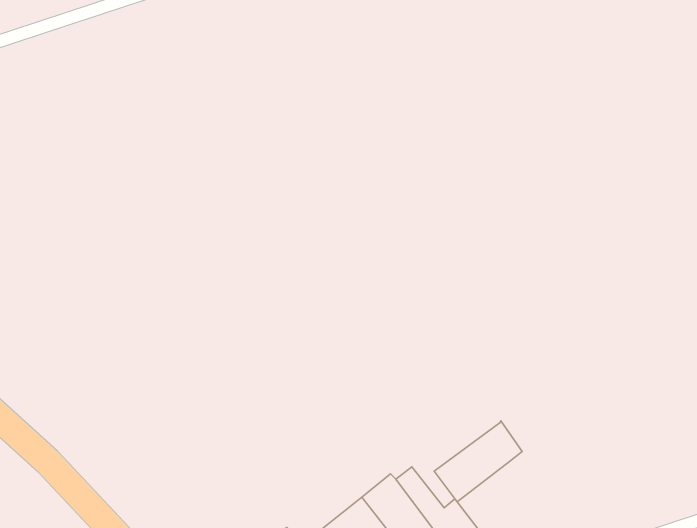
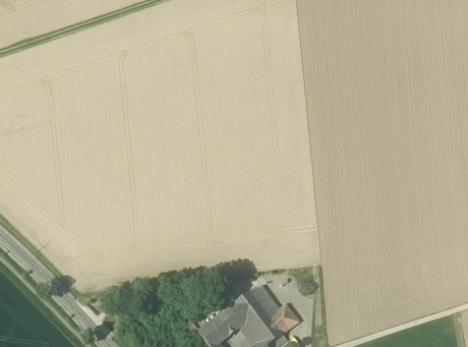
building: [434,421,522,502] -> none

